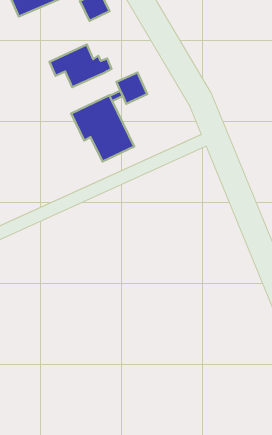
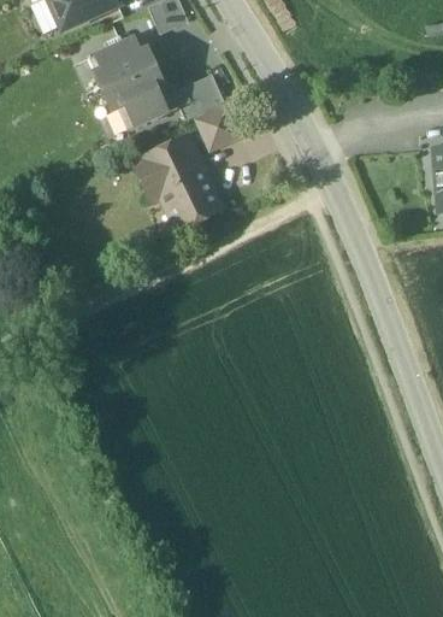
building: none -> [94,35,155,92]
building: none -> [178,75,224,119]

